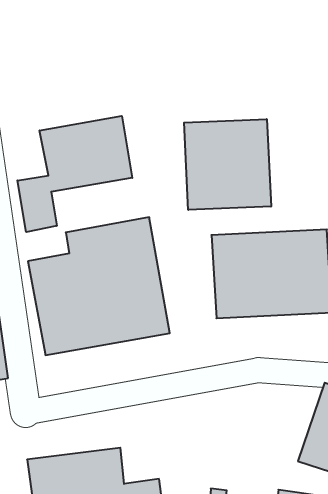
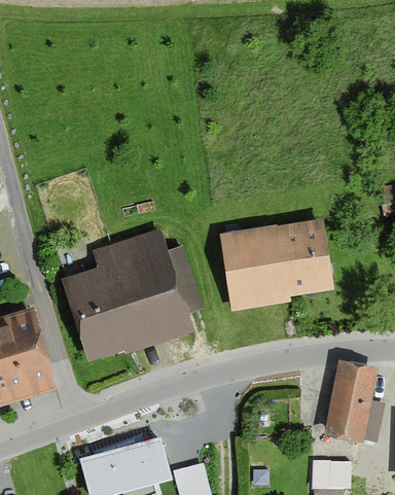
building: [17,116,132,232] -> none
building: [184,119,271,210] -> none

